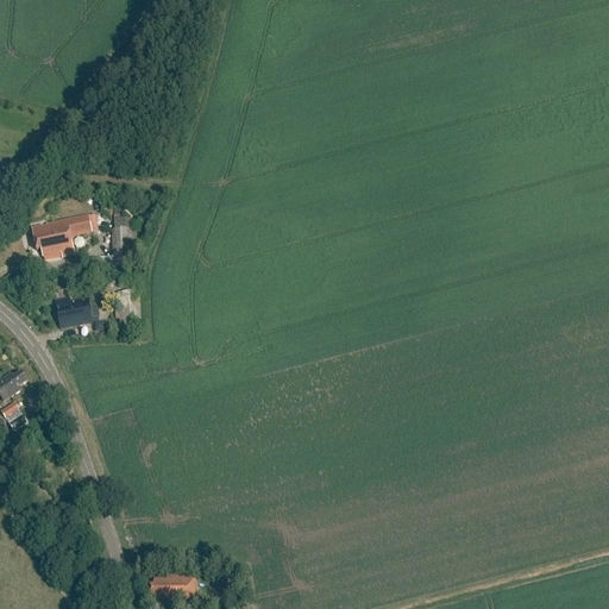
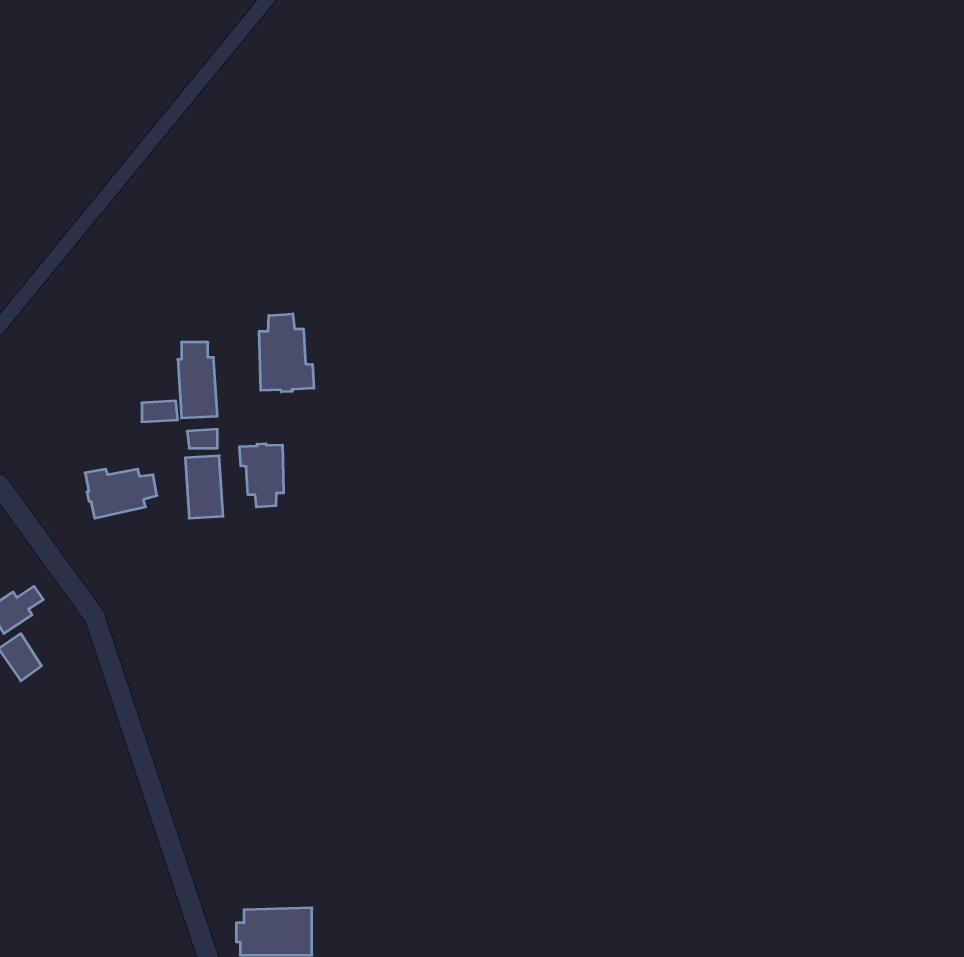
building: none -> [259,314,314,392]
building: [31,212,90,255] -> none
building: none -> [240,444,284,507]

